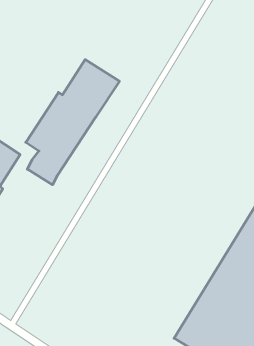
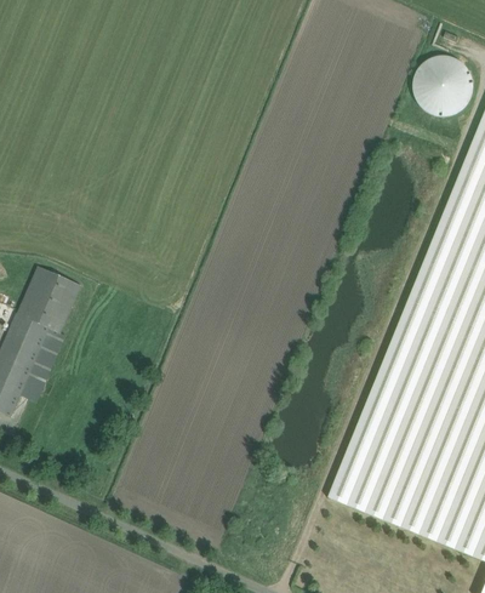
building: [26,60,119,185] -> none

